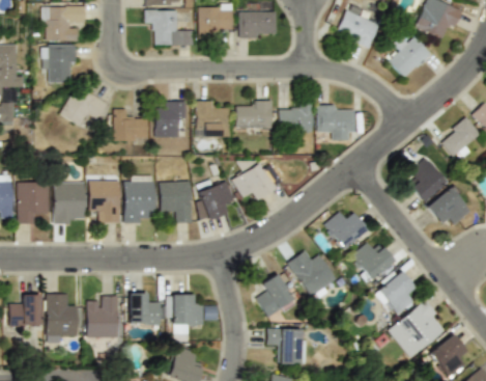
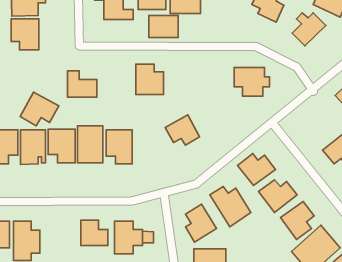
building: [60,85,108,127] -> [20,92,59,126]
building: [155,101,187,138] -> none
building: [236,101,273,128] -> [149,16,178,38]
building: [279,101,313,132] -> none
building: [408,159,446,200] -> none
building: [194,181,235,221] -> none
building: [86,296,119,338] -> none

